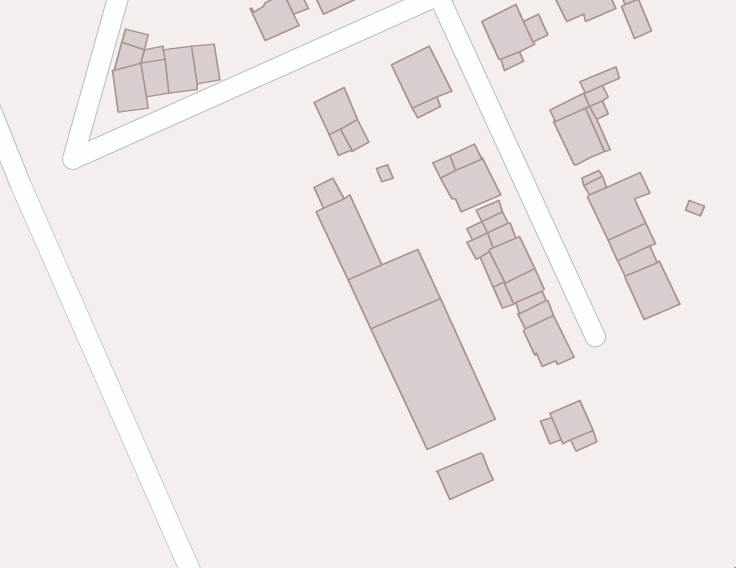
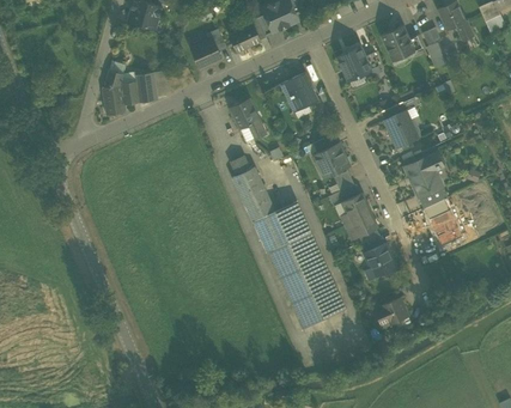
building: [436,453,493,499] -> none

